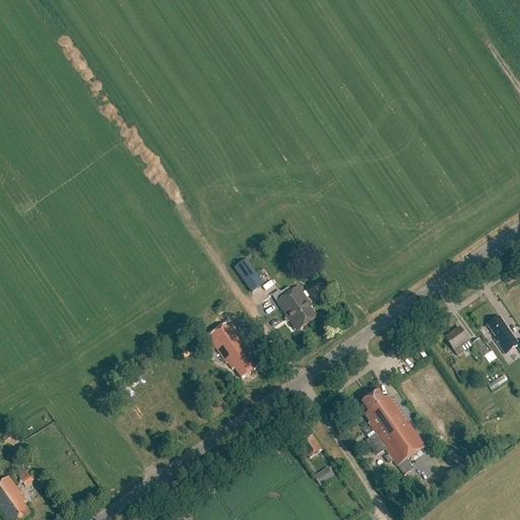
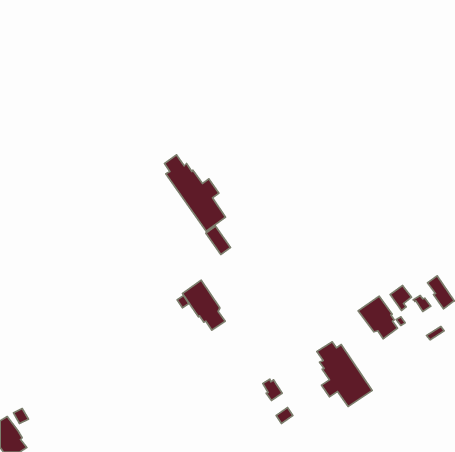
building: none -> [164,155,226,231]
building: [276,284,317,328] -> none
building: none -> [358,296,398,339]

